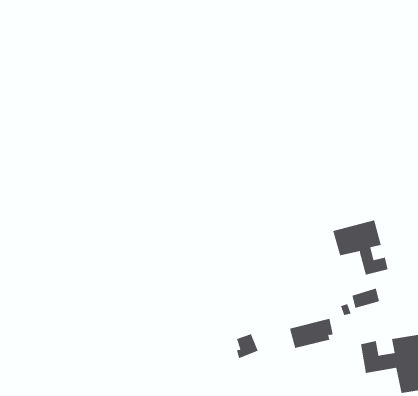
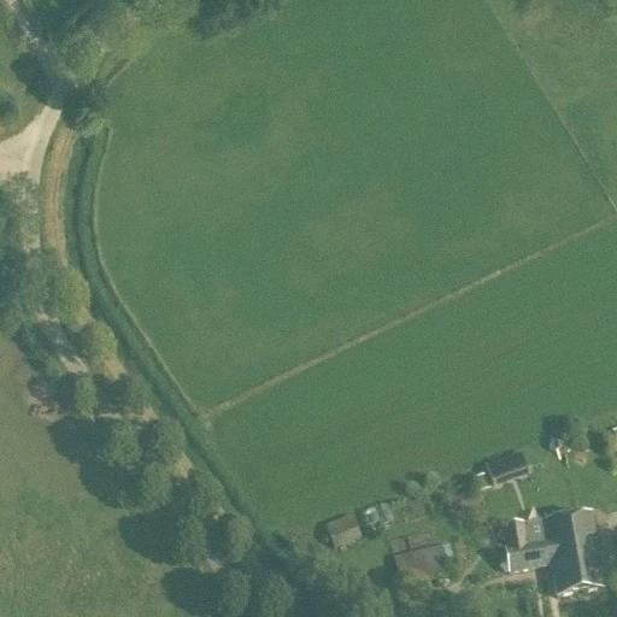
building: [333,220,388,276] -> none
building: [289,318,333,348] -> [393,539,454,581]

